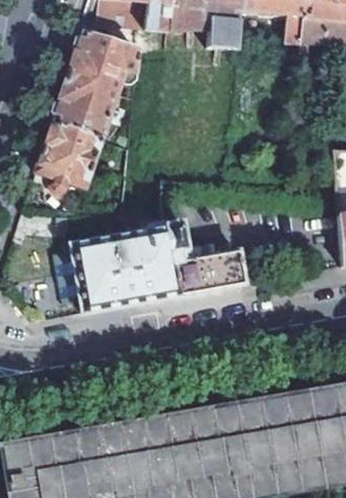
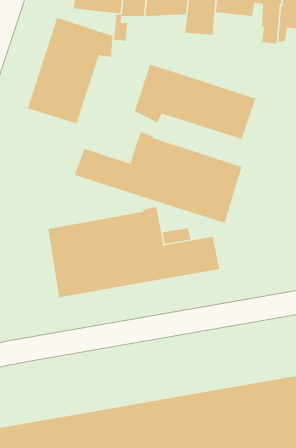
building: none -> [134,64,257,140]
building: [35,121,101,191] -> none
building: none -> [74,131,242,224]

